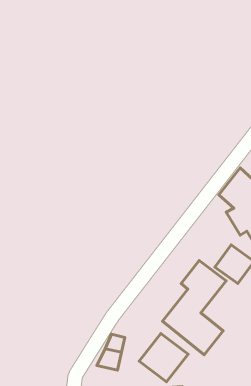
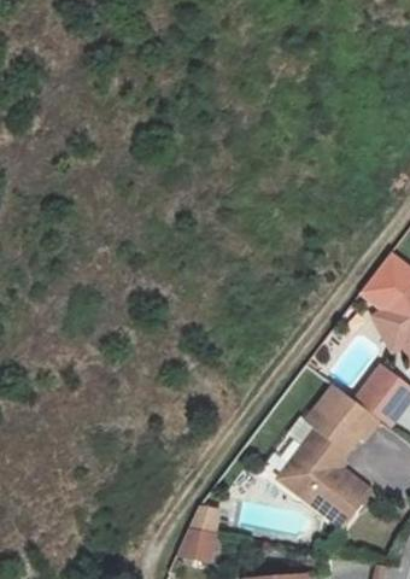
building: [139,334,188,382] -> none

